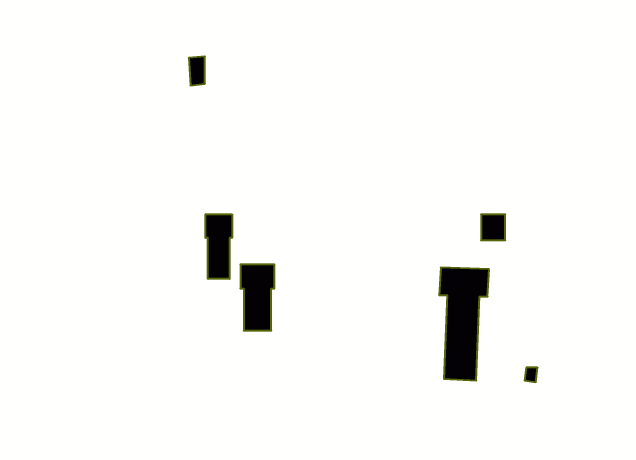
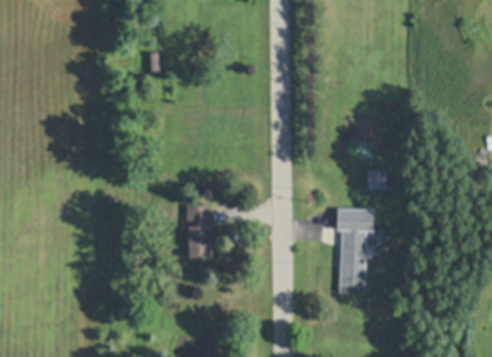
building: [205,214,232,279] -> none

